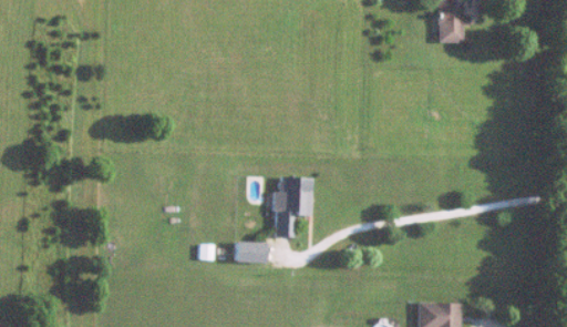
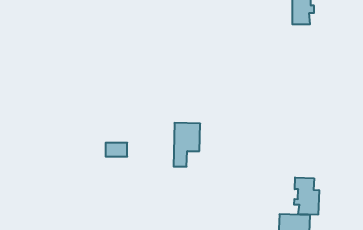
building: [236,243,266,262] -> [106,143,127,157]
building: none -> [294,177,319,215]

